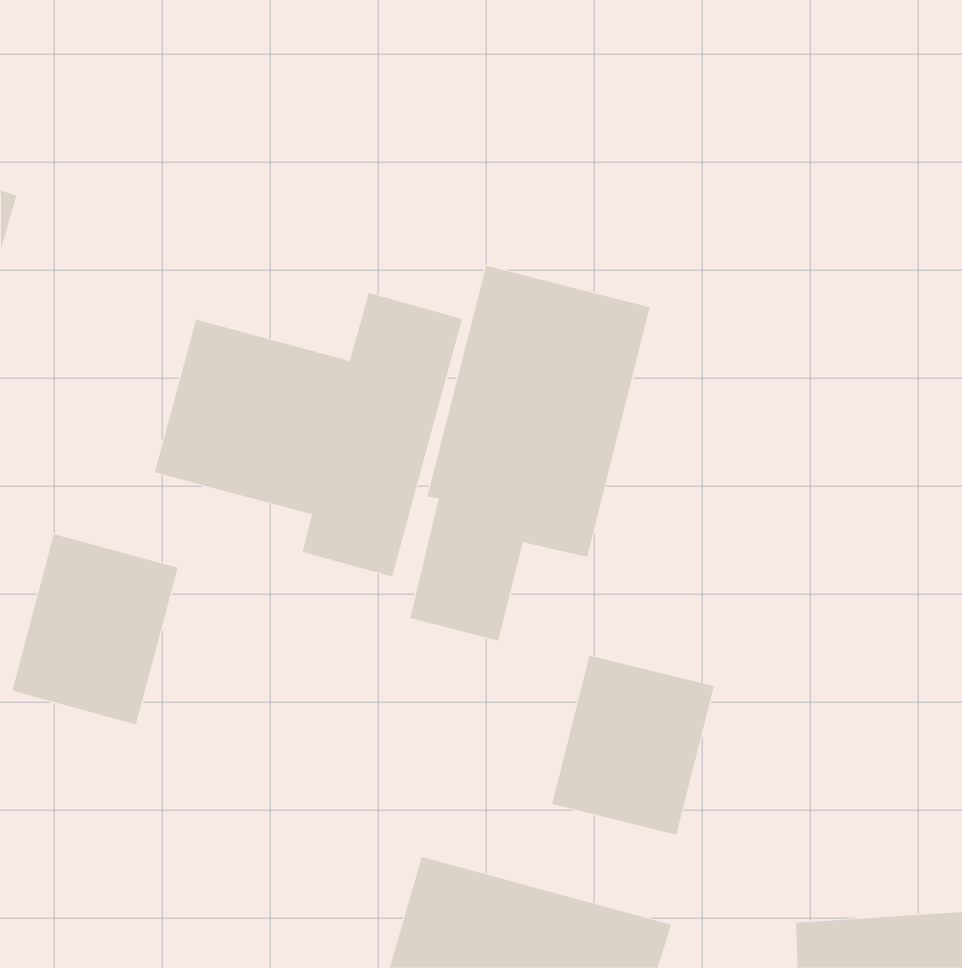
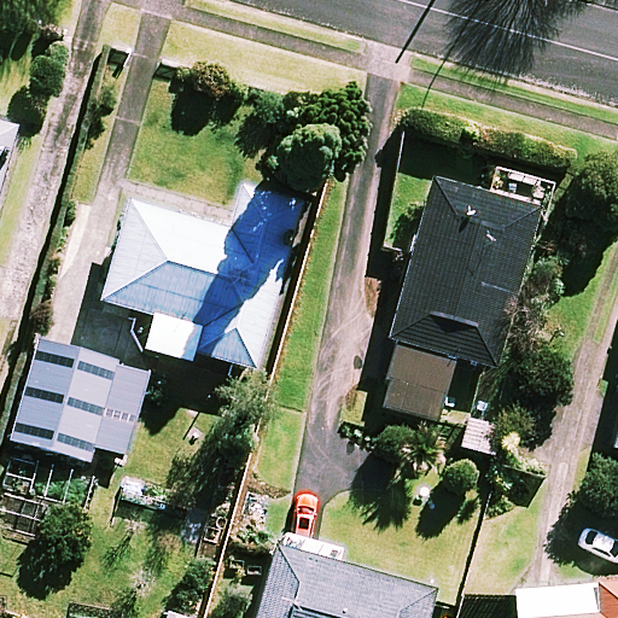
building: [410,265,650,641] -> [384,181,537,420]
building: [551,655,714,835] -> none

